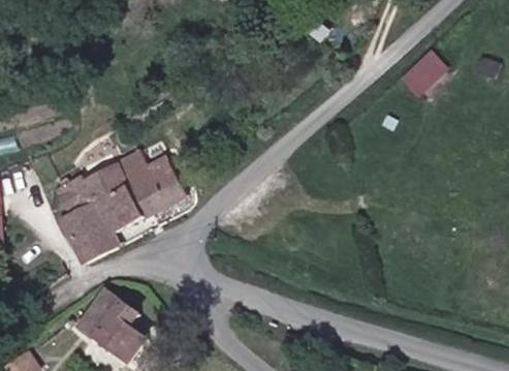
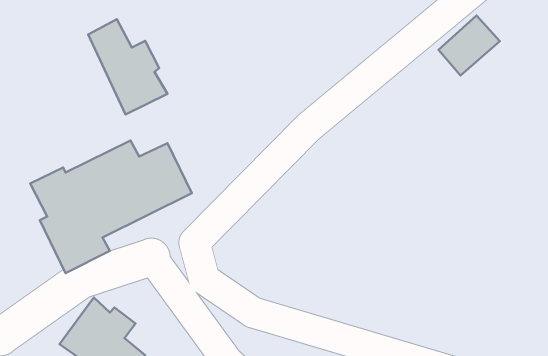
building: none -> [88,19,167,114]

